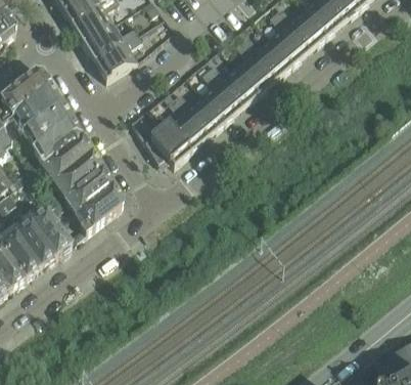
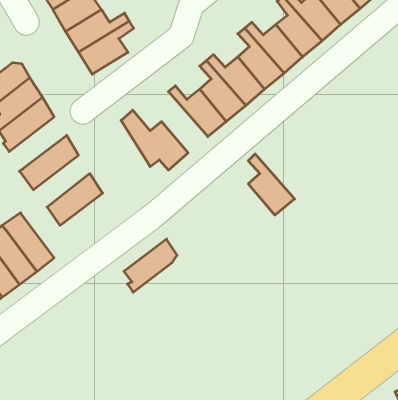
building: [167,95,208,149] -> [248,154,295,215]
building: [32,118,83,164] -> none
building: [53,152,103,198] -> none
building: [77,185,124,232] -> [124,239,177,292]

